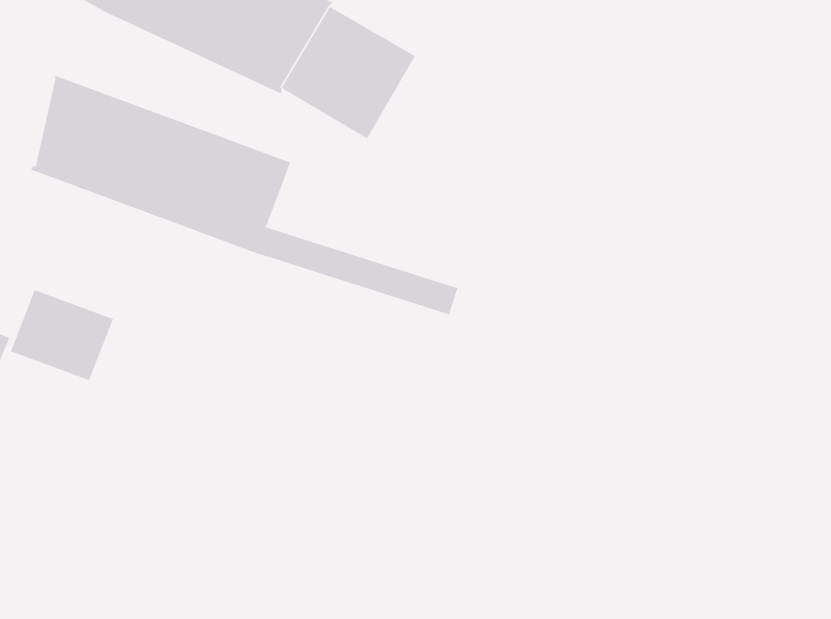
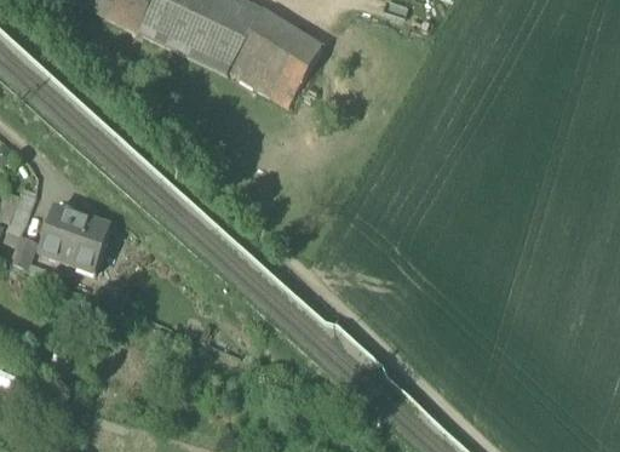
building: [30,75,458,315] -> none

